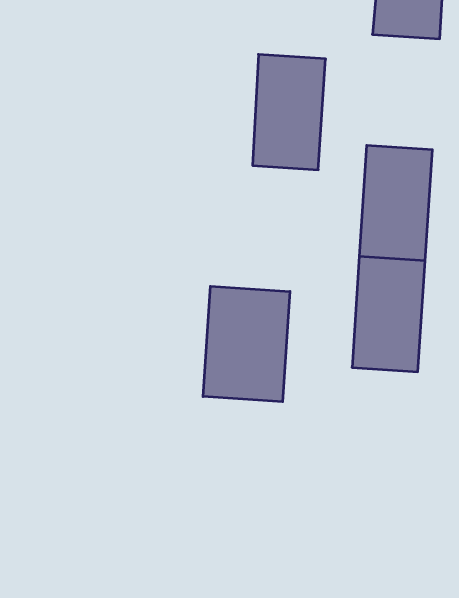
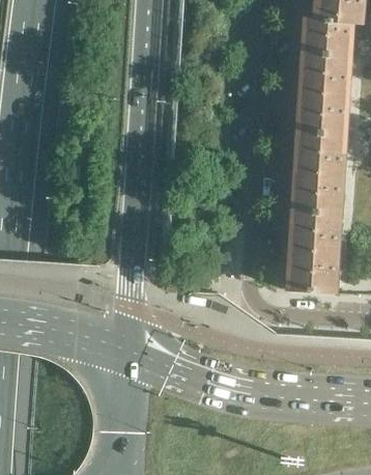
building: [253,54,326,170] -> [298,51,350,133]
building: [203,286,290,402] -> none

